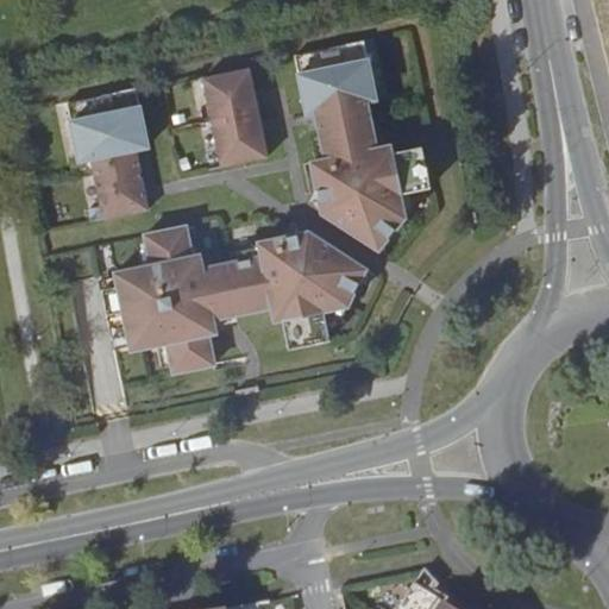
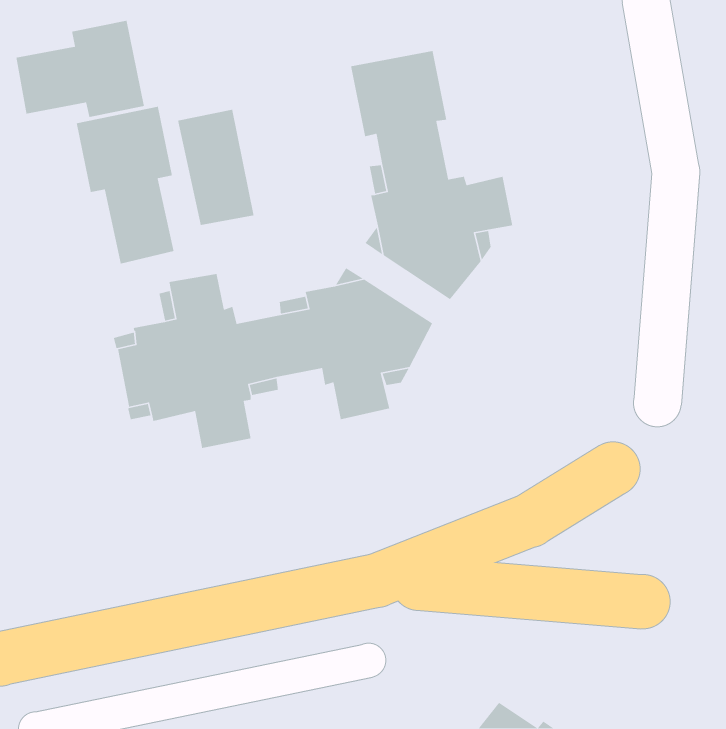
building: none -> [16,20,145,118]
building: [203,68,268,165] -> [177,109,254,226]

